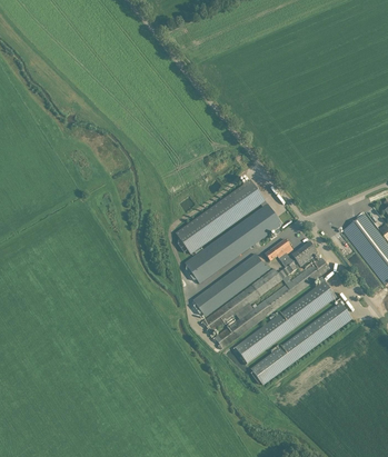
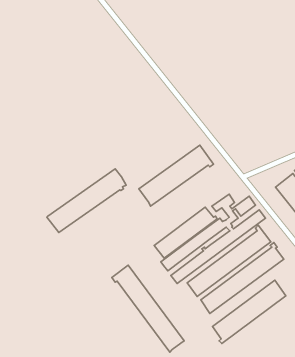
building: [185,203,281,281] -> [47,169,126,233]
building: none -> [112,265,184,352]
building: none -> [213,280,286,344]

